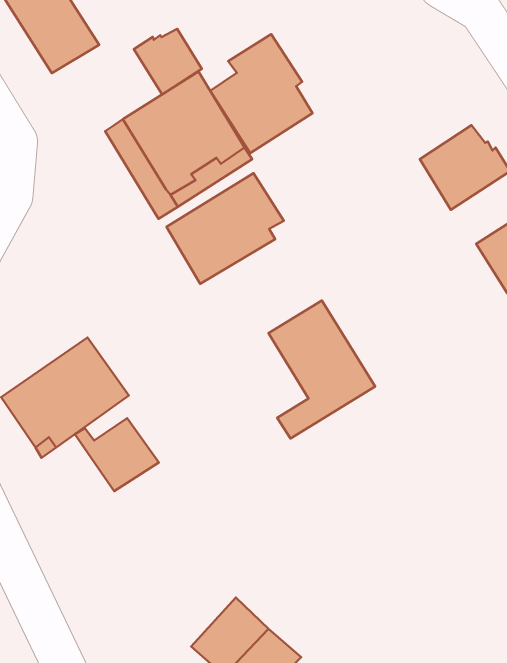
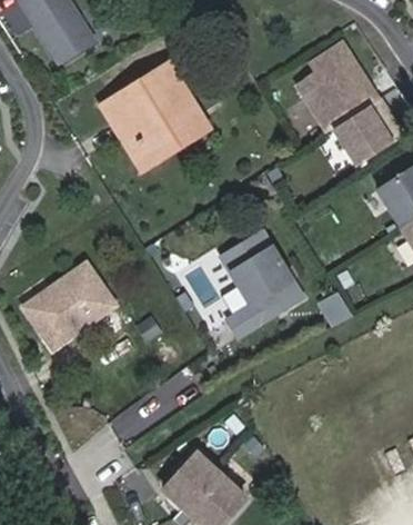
building: [134,29,202,95] -> none
building: [210,34,313,153] -> [296,42,373,131]
building: [166,173,284,284] -> none
building: [75,418,159,491] -> none

